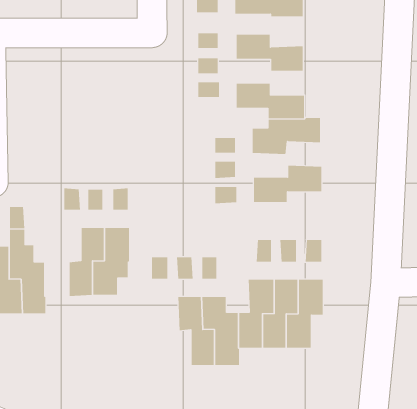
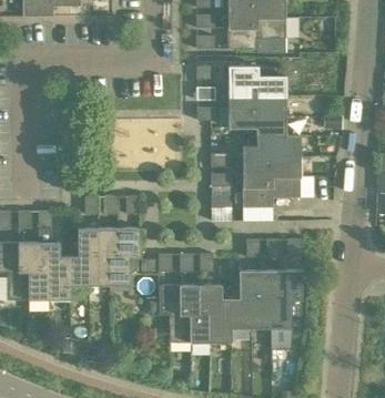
building: none -> [227,86,285,116]
building: none -> [241,155,322,185]
building: none -> [68,227,98,285]
building: none -> [158,285,190,343]

